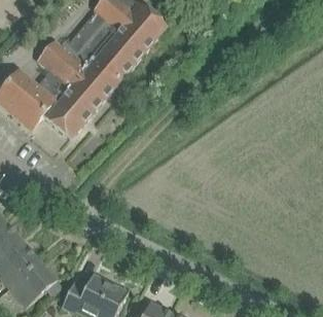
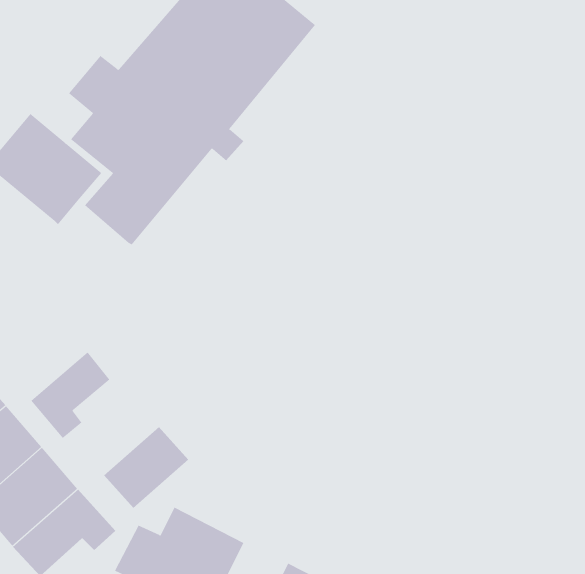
building: none -> [31,352,110,439]
building: none -> [103,426,189,509]

